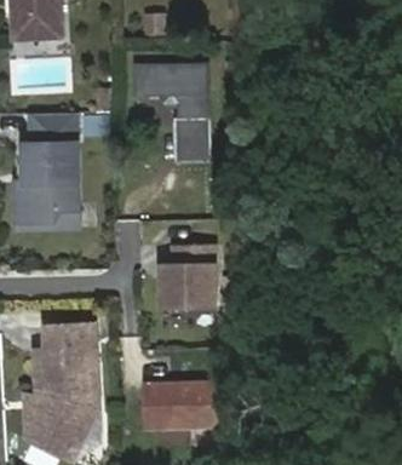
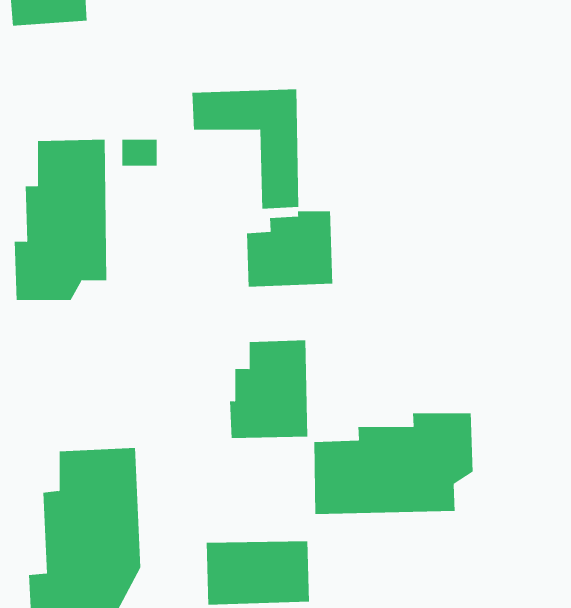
building: none -> [247,211,333,287]
building: none -> [314,412,473,515]

